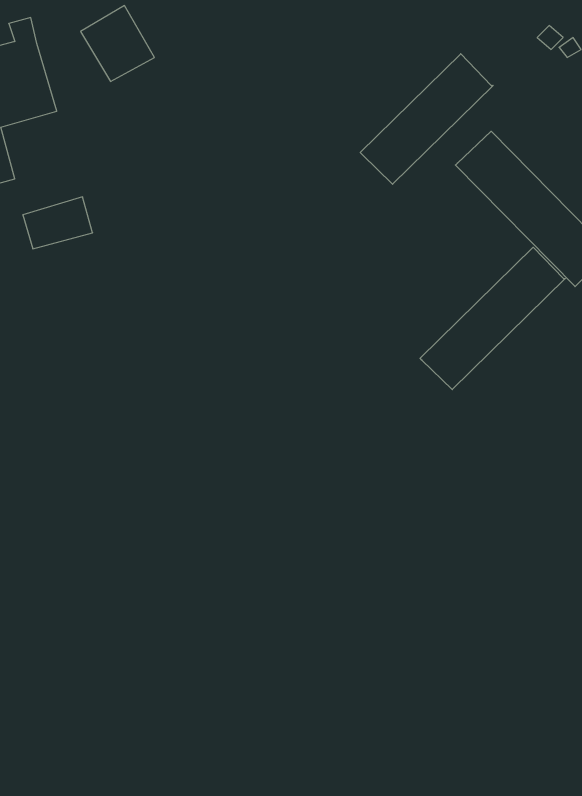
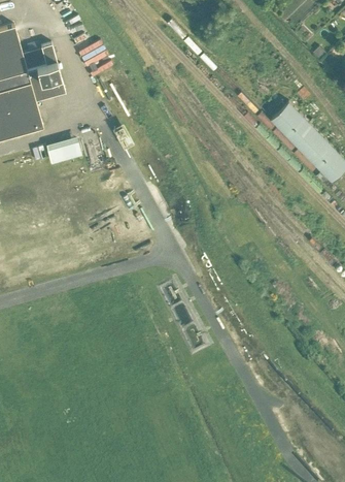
building: [360,54,493,184] -> none
building: [420,247,565,390] -> none

